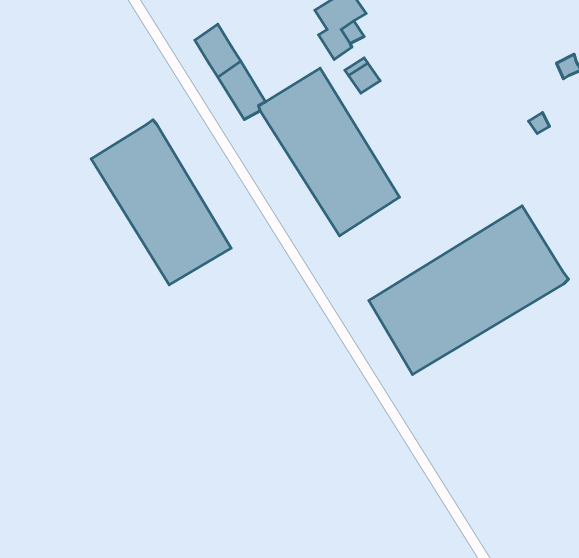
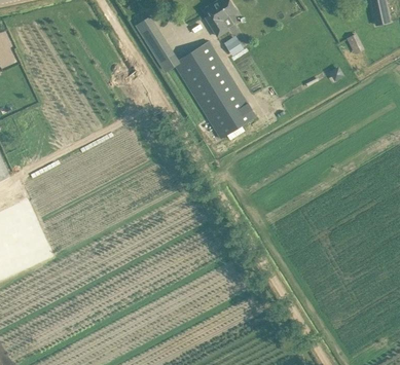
building: [91,120,231,285] -> none
building: [369,206,569,375] -> none

